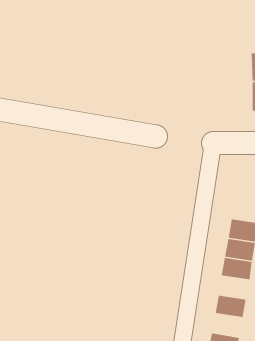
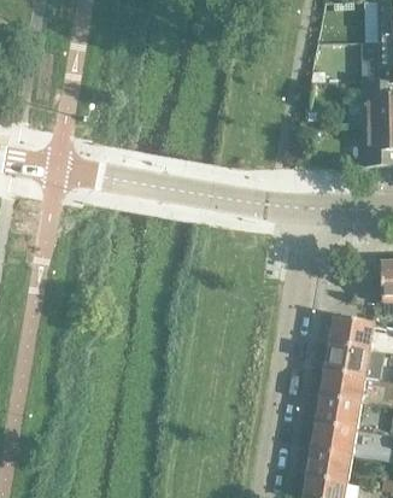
building: none -> [317,396,362,428]
building: none -> [307,449,352,482]

